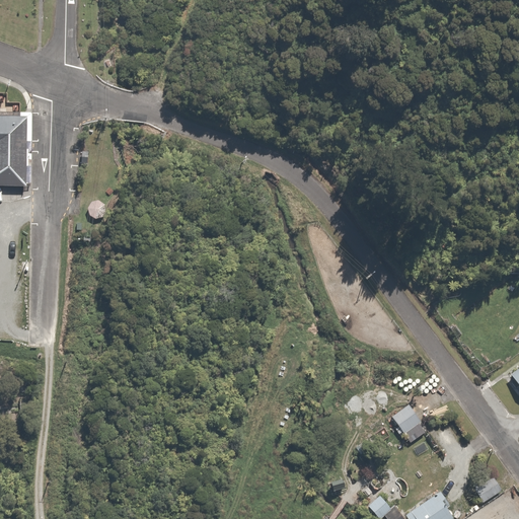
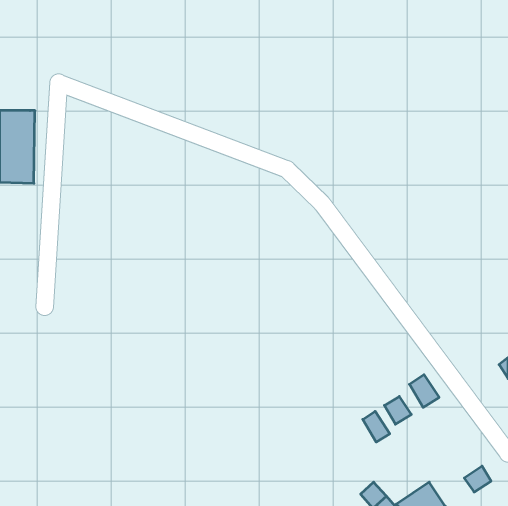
building: none -> [409,375,439,407]
building: none -> [363,411,390,442]

